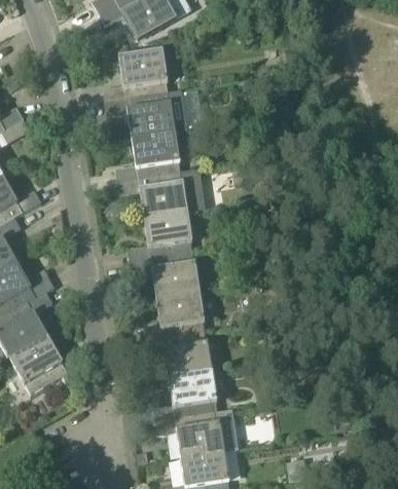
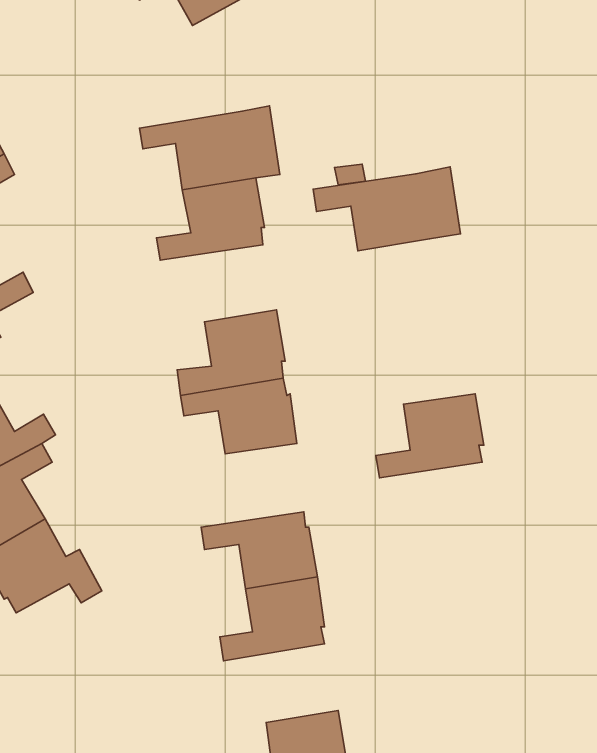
building: [104,48,169,102] -> none
building: [118,167,207,218] -> [313,167,460,251]
building: [141,291,206,341] -> [376,394,484,478]
building: [156,409,238,458] -> none

